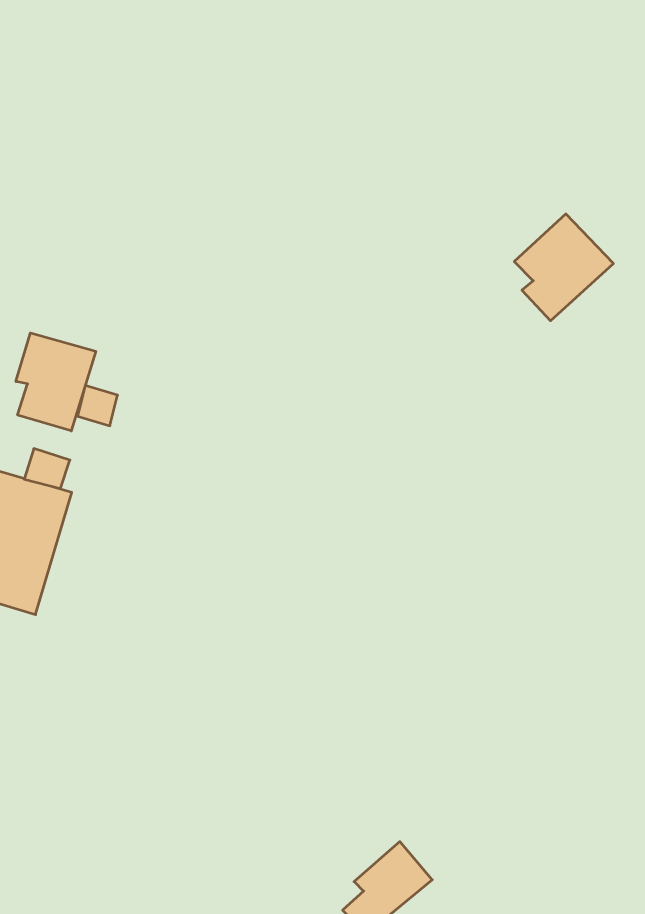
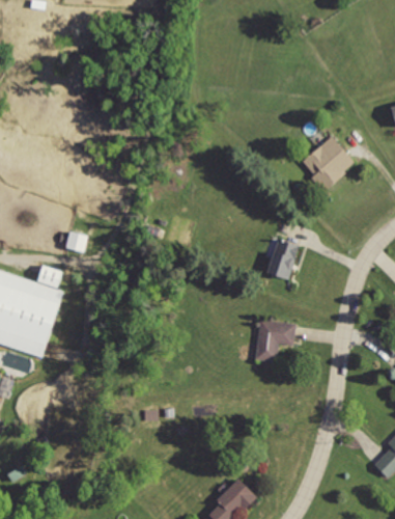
building: [16,333,96,431] -> none
building: none -> [266,239,299,279]
building: none -> [256,319,295,362]

